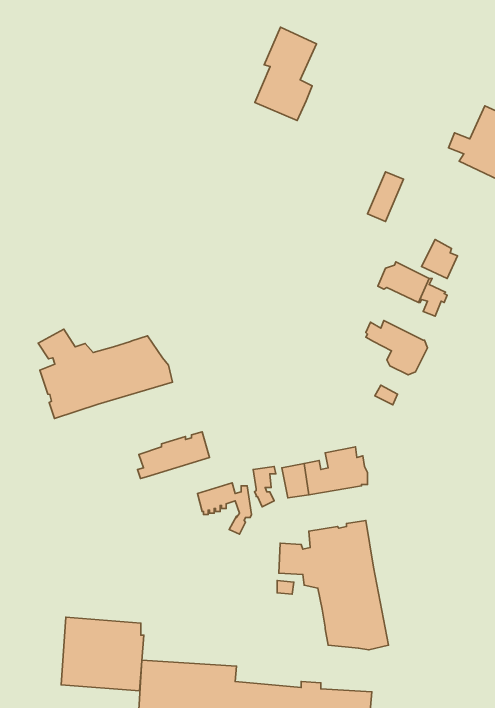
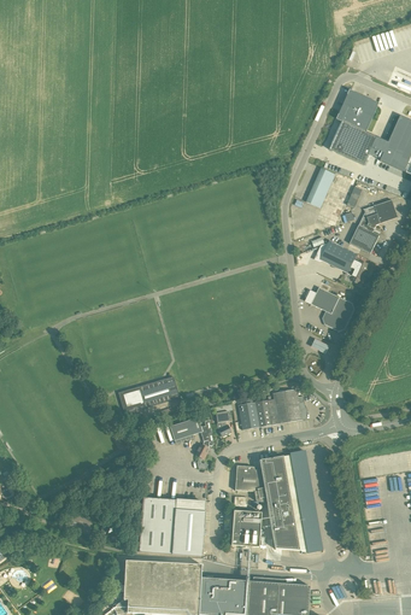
building: [255,27,317,121] -> [329,89,378,164]
building: none -> [359,199,397,229]
building: [38,329,173,419] -> none
building: none -> [230,510,260,546]
building: [61,617,144,691] -> [137,497,204,556]

